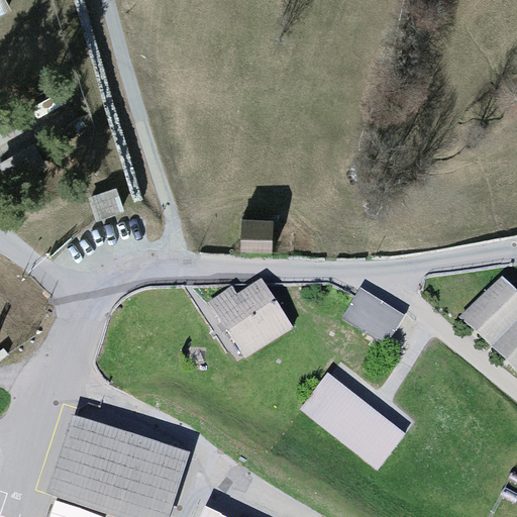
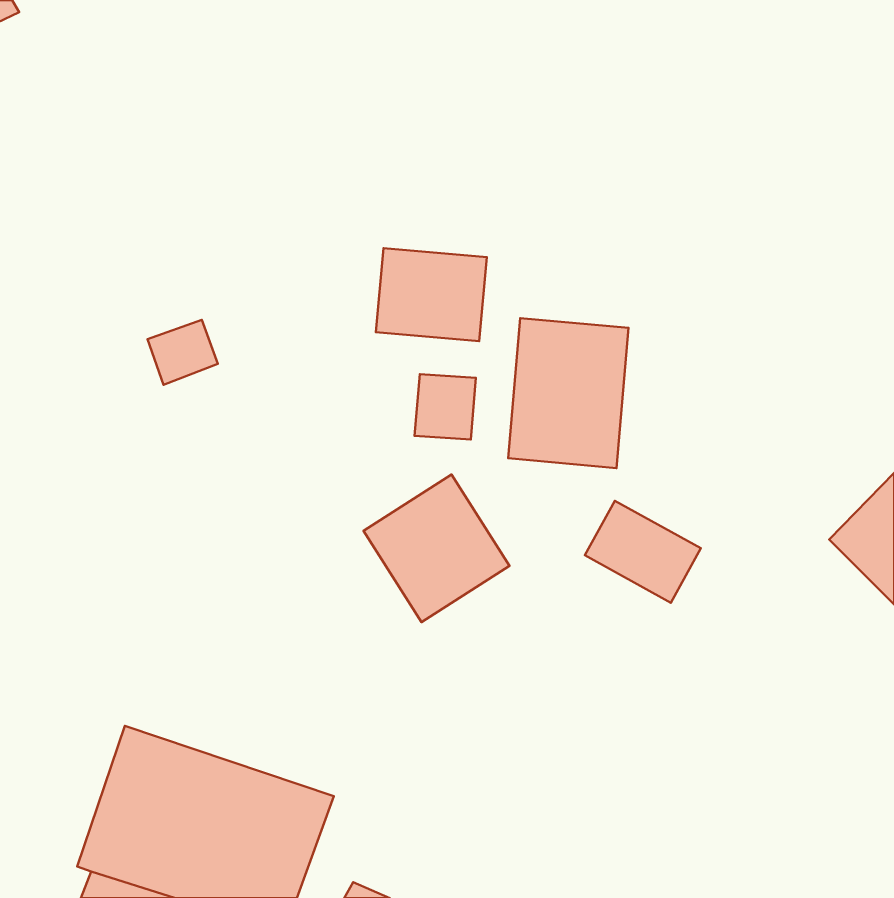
building: none -> [376,248,487,341]
building: none -> [508,318,628,468]
building: [296,367,407,471] -> none

